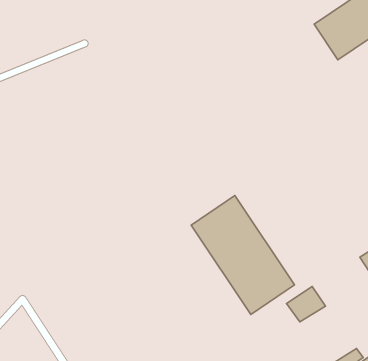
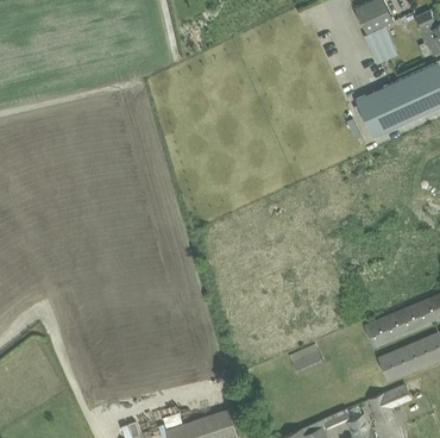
building: [191,195,294,315] -> none

